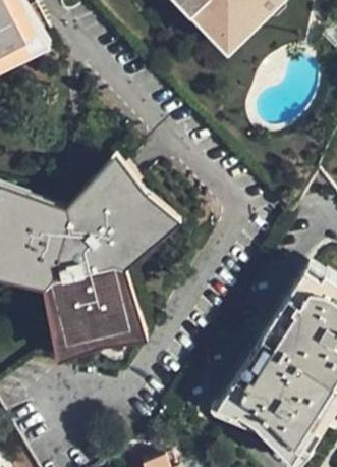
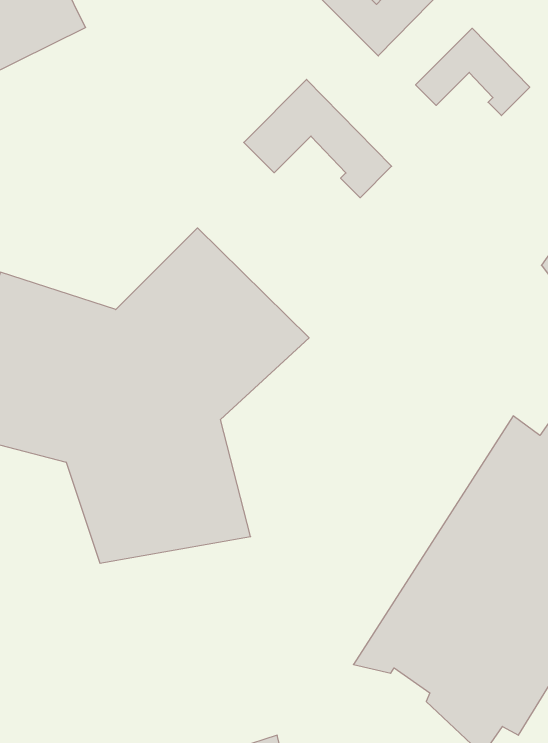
building: none -> [416,28,530,116]
building: none -> [244,79,392,198]

